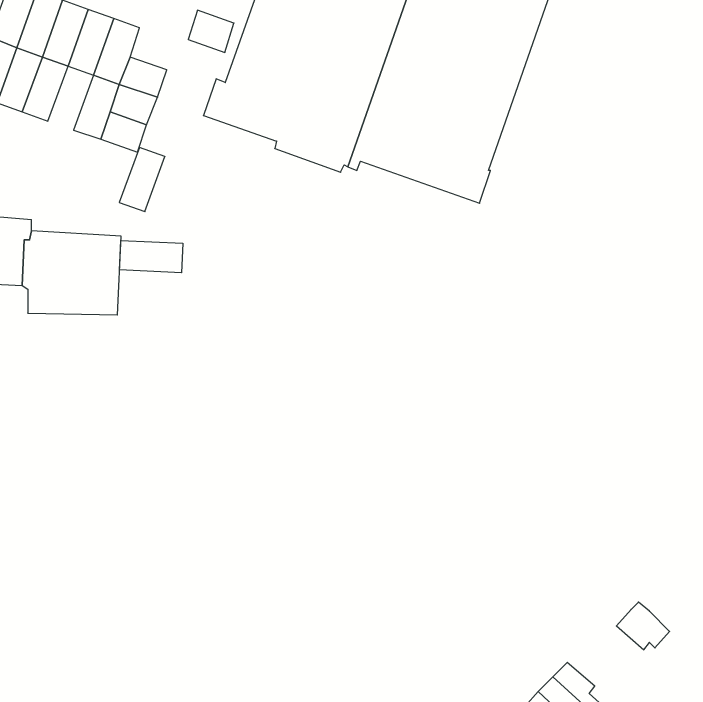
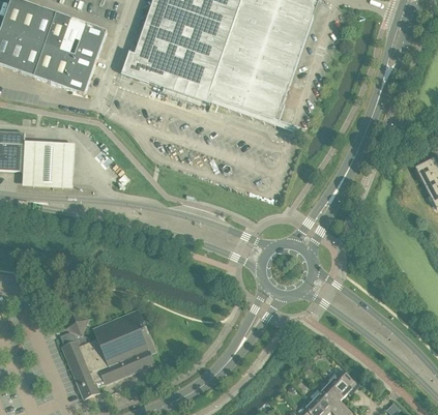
building: [188,10,234,52] -> [80,23,106,47]
building: [119,148,165,212] -> [33,45,59,81]
building: [120,240,183,273] -> none
building: none -> [59,308,154,397]
building: [616,602,670,650] -> [327,368,357,395]

